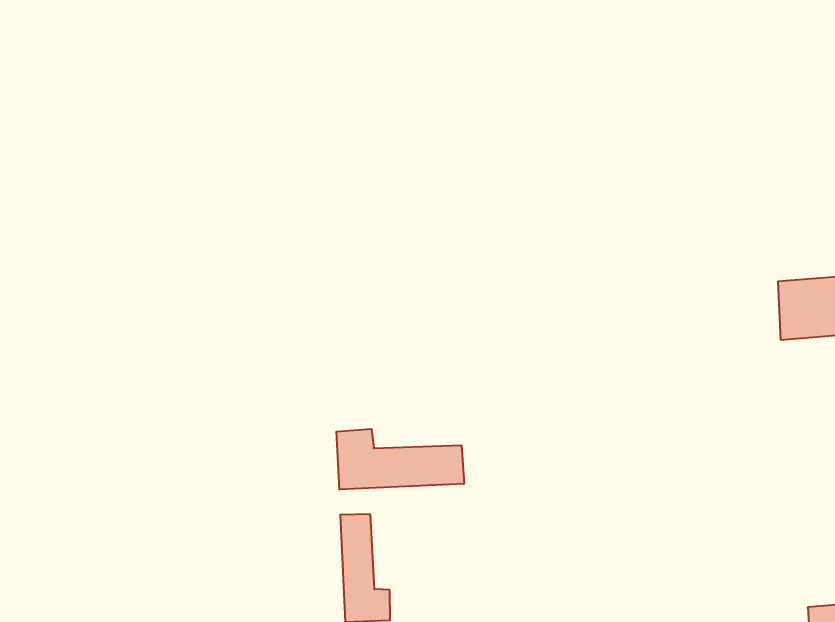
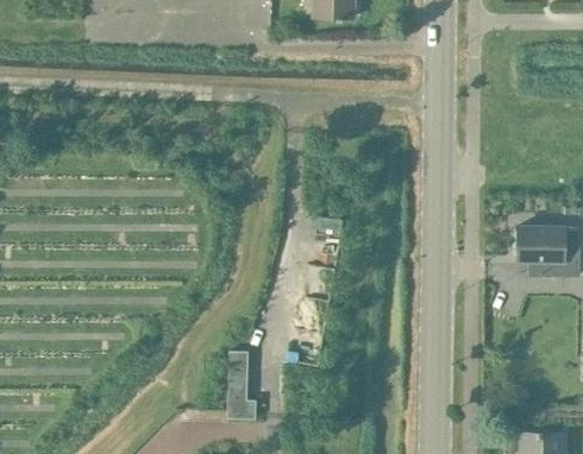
building: [336,429,464,490] -> none

